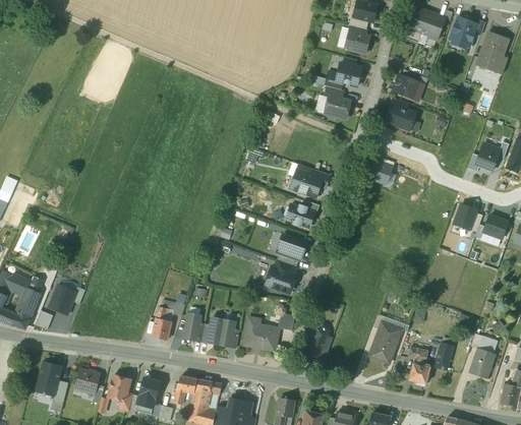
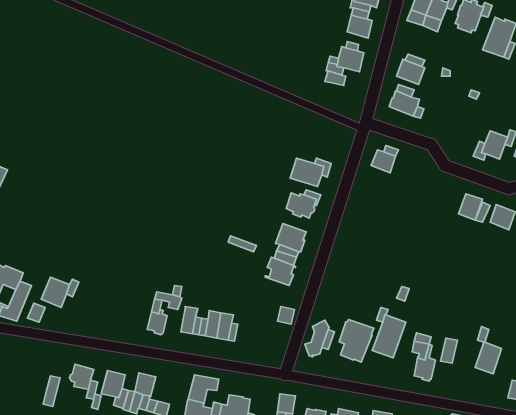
building: [325,97,350,119] -> none
building: [243,317,278,351] -> none
building: none -> [339,319,374,362]
building: [34,361,61,394] -> none
building: [174,376,197,406] -> none

